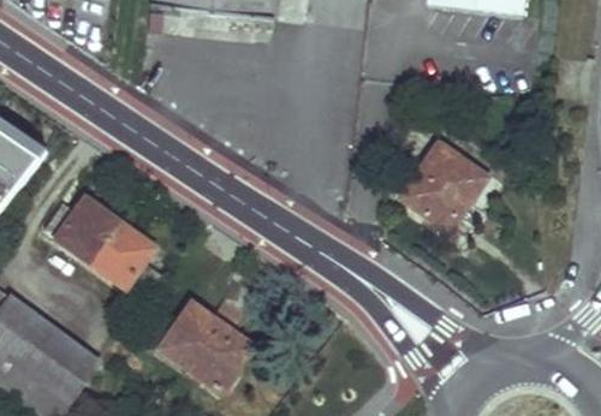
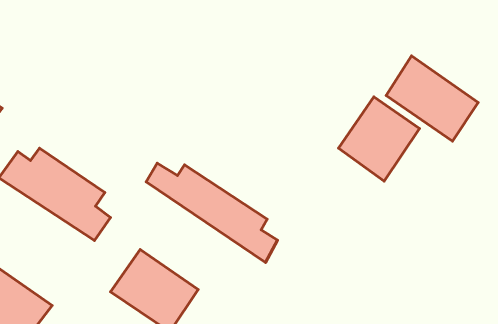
building: none -> [386,56,478,141]
building: none -> [146,163,278,262]

